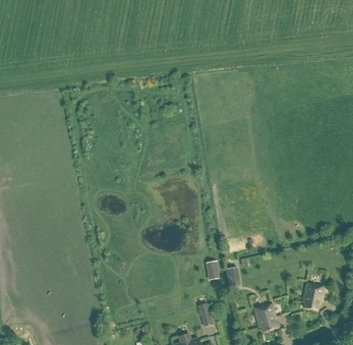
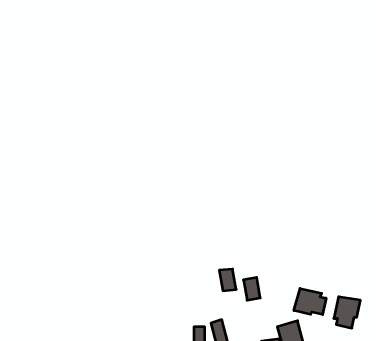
building: none -> [294,288,326,315]

